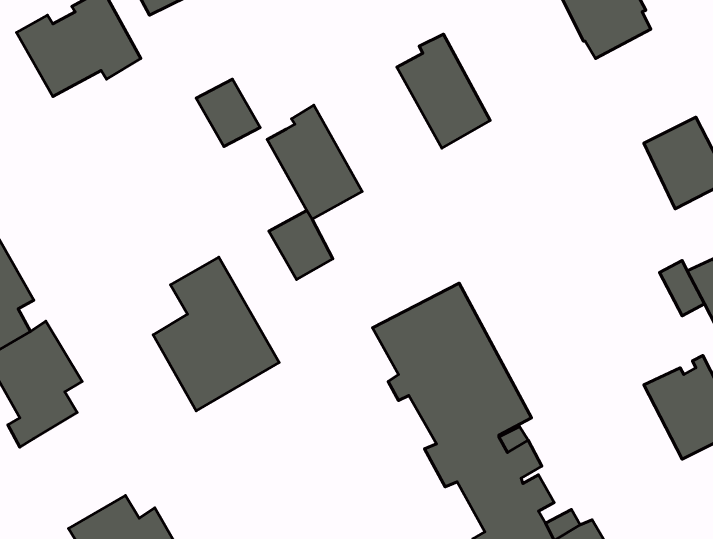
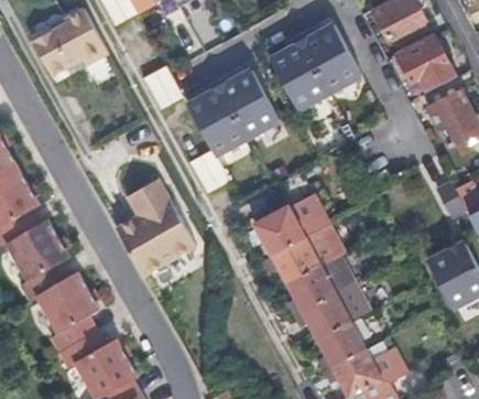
building: none -> [300,23,361,93]
building: none -> [394,33,457,93]
building: none -> [217,69,280,138]
building: none -> [39,273,99,353]

